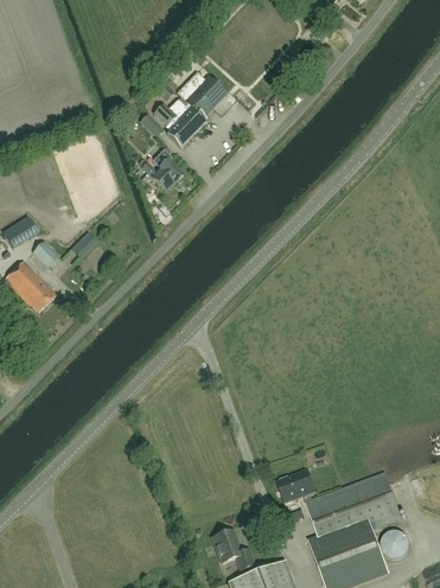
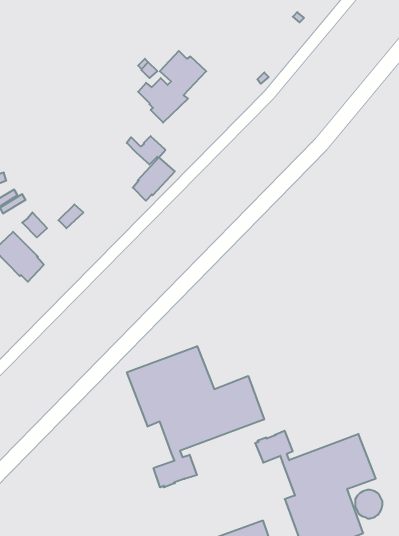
building: none -> [133,158,175,201]
building: none -> [127,346,264,487]
building: [212,530,254,570] -> none

